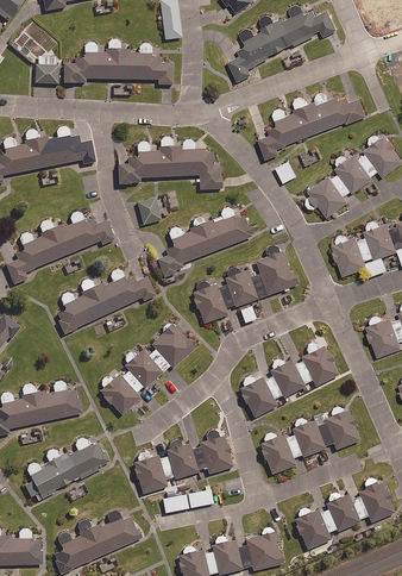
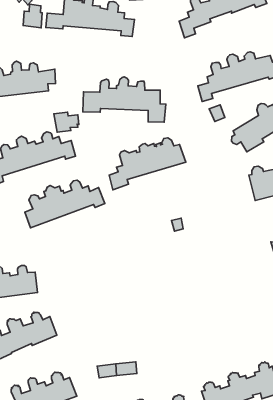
building: [138,198,170,224] -> [54,112,79,132]
building: [193,245,297,323] -> none
building: [101,323,195,415] -> none
building: [239,343,339,418] -> none
building: [260,406,360,474] -> none
building: [134,431,233,493] -> none

